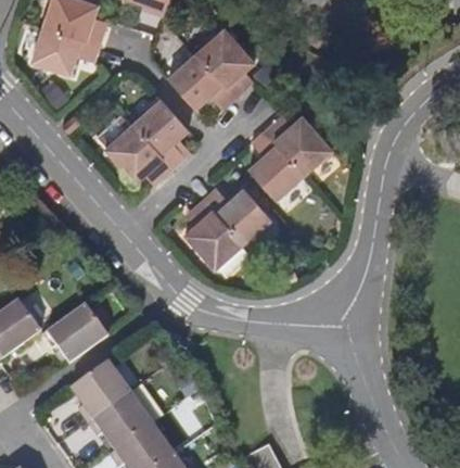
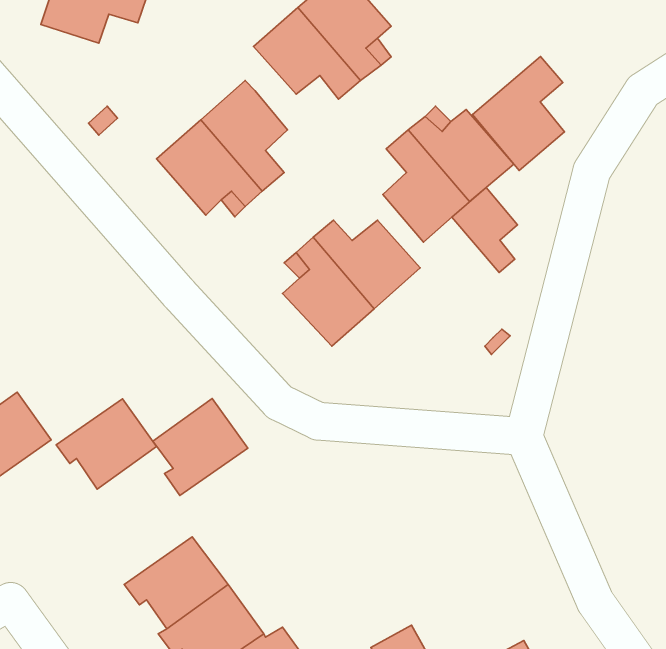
building: none -> [473,56,564,171]
building: none -> [452,188,517,272]
building: [68,358,129,420] -> [153,399,248,496]

